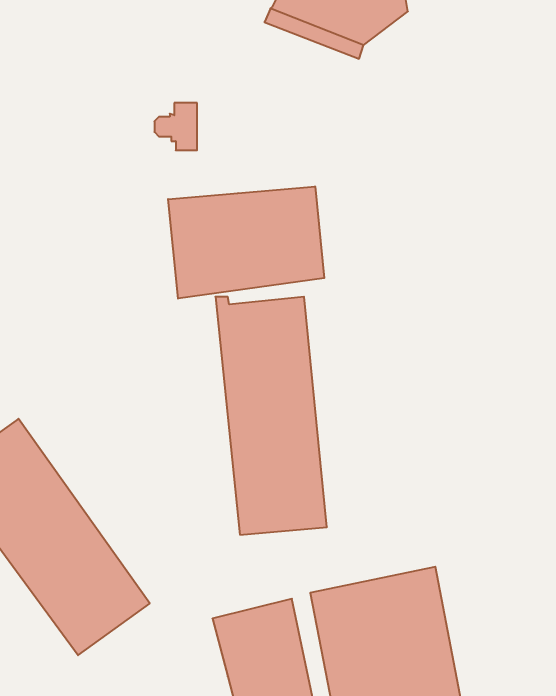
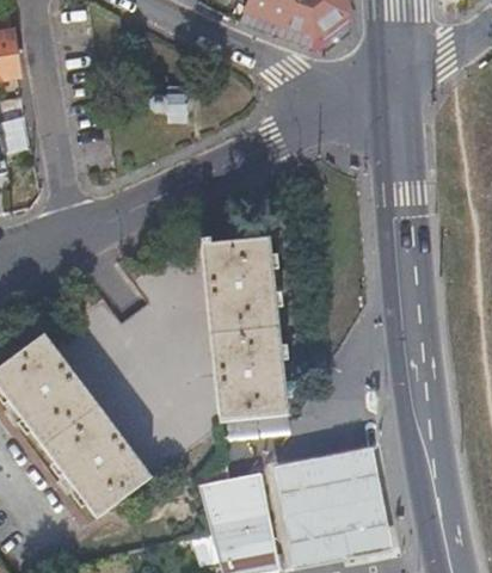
building: [168,186,324,299] -> none

